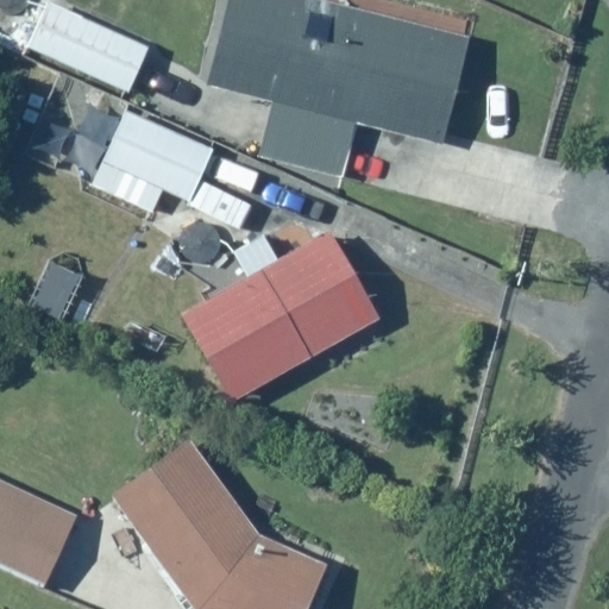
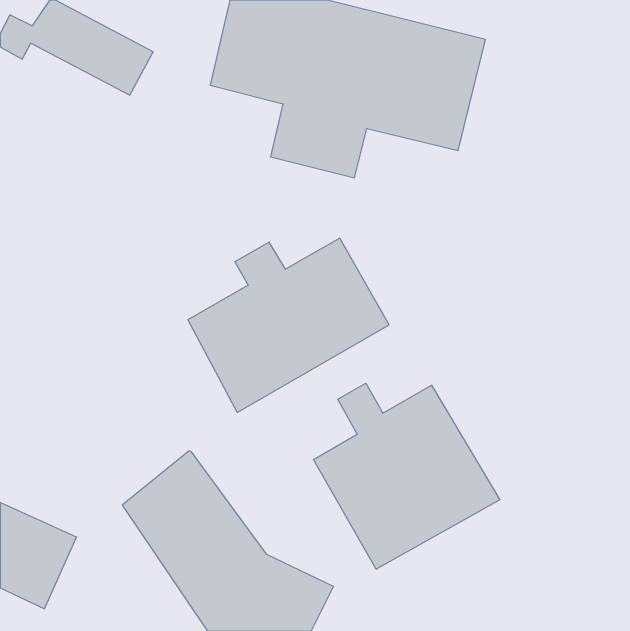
building: [87,107,212,209] -> none
building: none -> [314,383,500,569]

